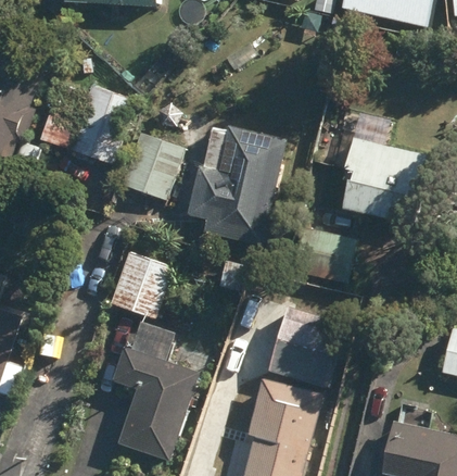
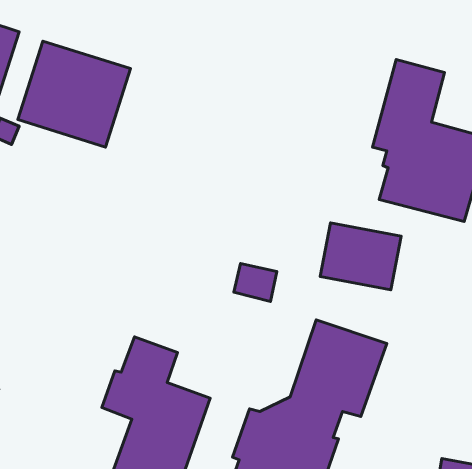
building: [187,126,285,245] -> none
building: [122,131,185,199] -> none
building: [110,252,174,320] -> none

